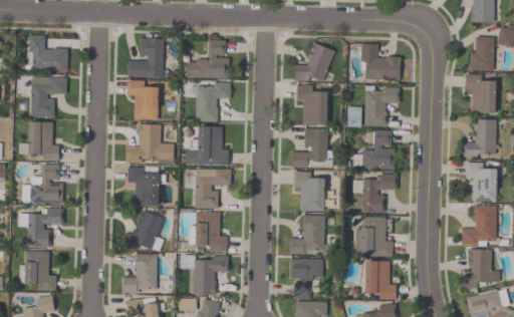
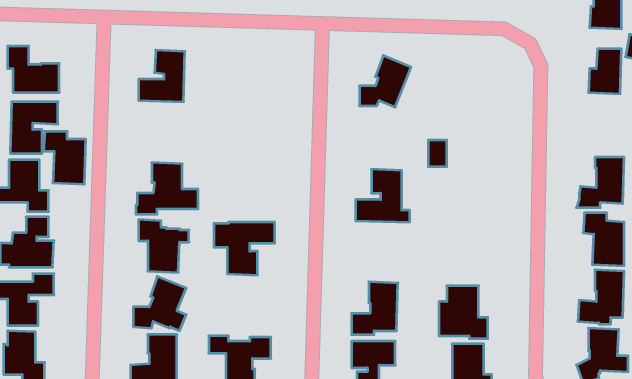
building: [186,40,229,78] -> none
building: [360,43,401,79] -> none
building: [465,74,496,113] -> none
building: [126,80,159,120] -> [43,131,86,184]
building: [196,82,230,121] -> none
building: [296,85,327,123] -> none
building: [364,85,400,125] -> none
building: [186,126,228,166] -> none
building: [362,129,395,169] -> none
building: [293,171,324,211] -> none
building: [352,174,397,213] -> none
building: [189,212,227,252] -> none

